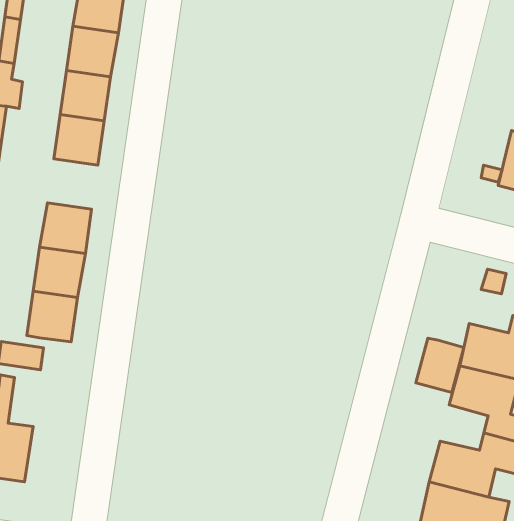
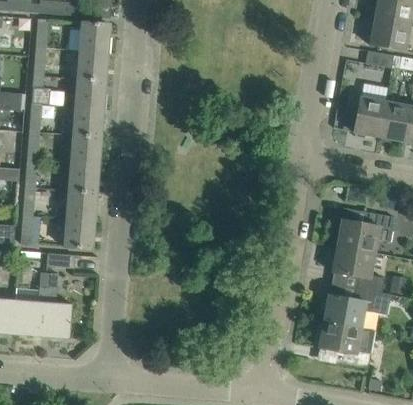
building: none -> [71,135,101,165]
building: [416,338,464,393] -> none

